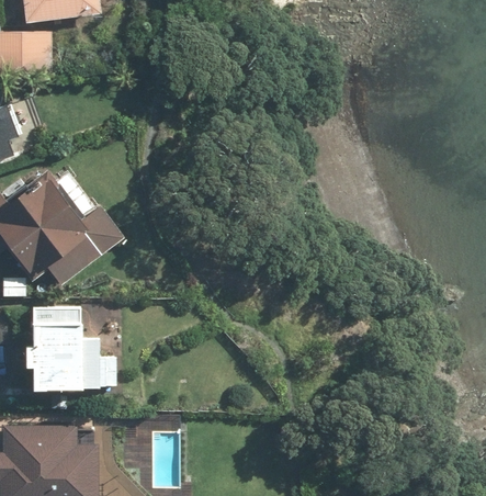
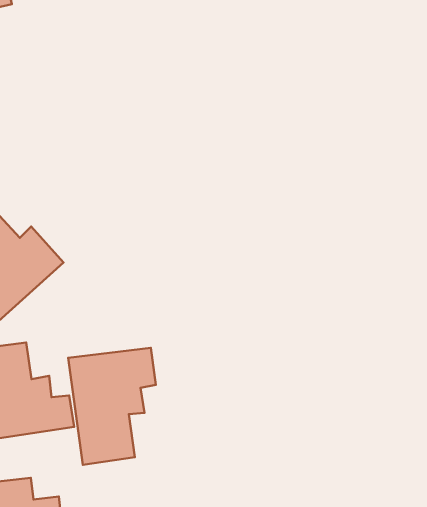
building: none -> [68,348,156,465]

